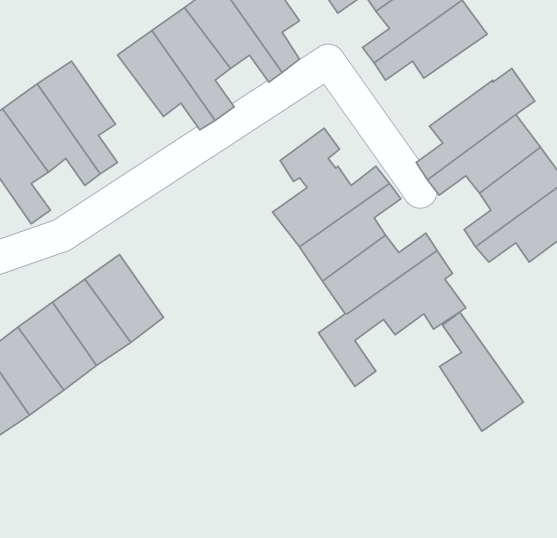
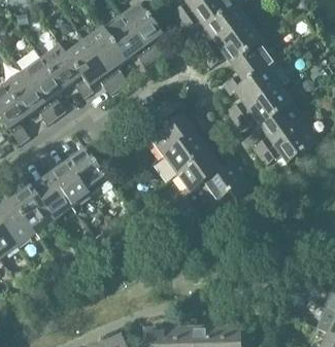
building: none -> [222,41,276,94]
building: none -> [39,42,92,97]
building: none -> [65,146,107,194]
building: [440,312,523,431] -> none

